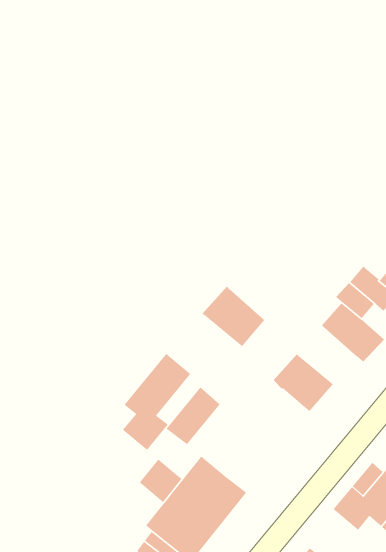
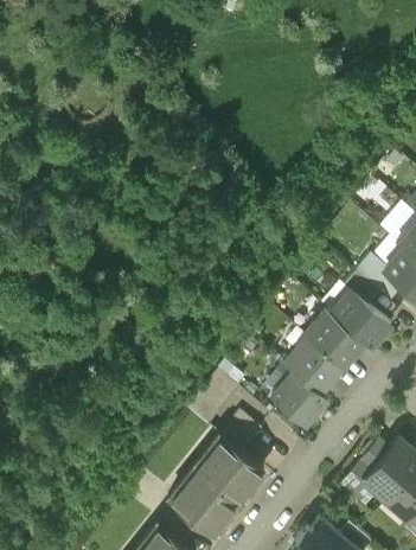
building: [201,286,265,347] -> [306,311,365,367]
building: [122,353,191,451] -> none
building: none -> [274,372,328,426]
building: [139,458,182,503] -> [220,411,261,453]

